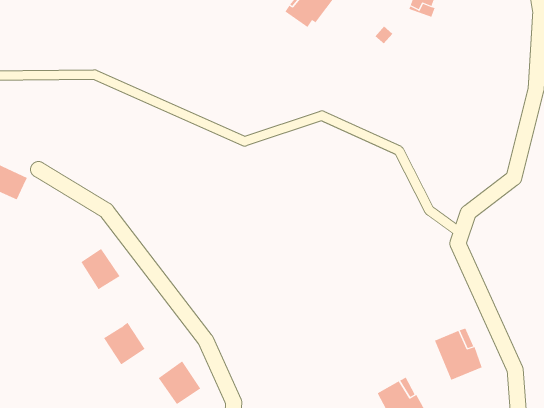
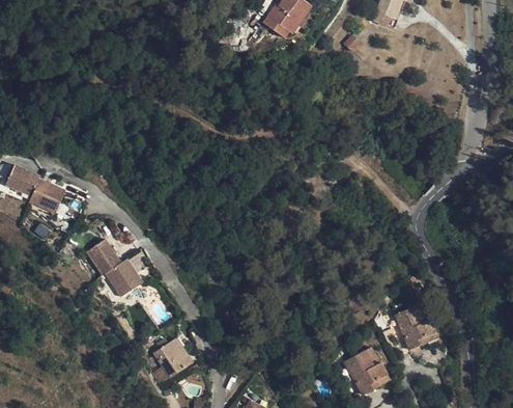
building: none -> [25,173,61,208]
building: [103,322,145,365] -> [102,254,139,293]

